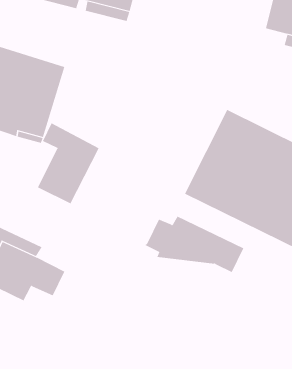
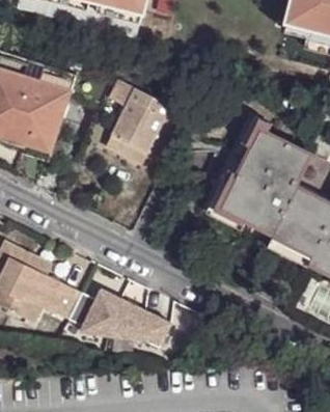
building: [37,123,99,204] -> [104,78,169,164]
building: [145,216,244,273] -> [59,286,164,347]

